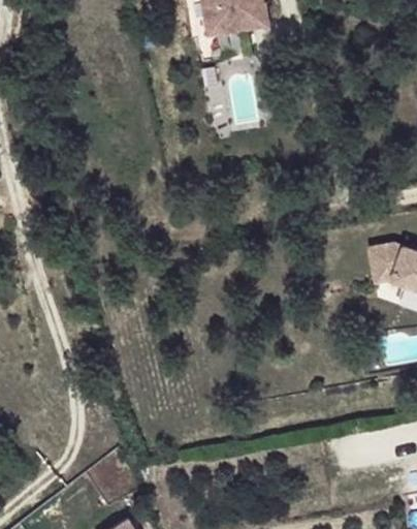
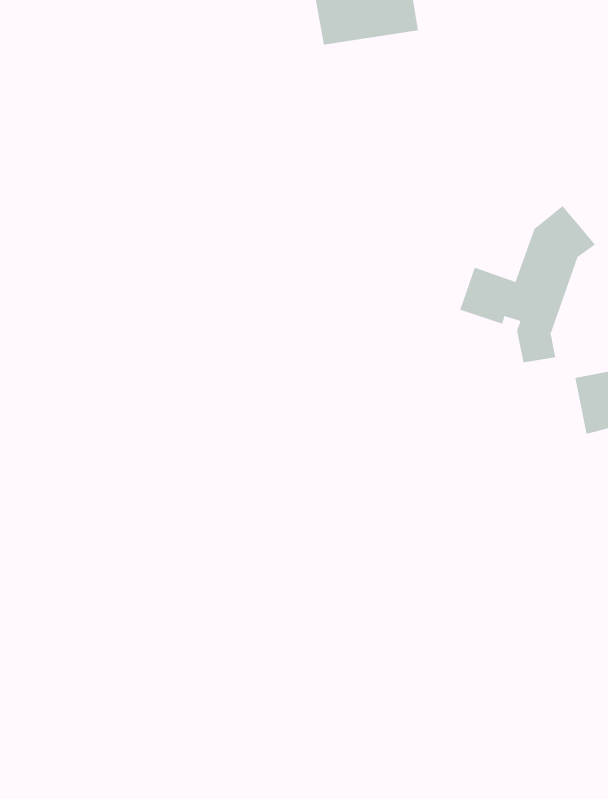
building: none -> [460,205,596,363]

